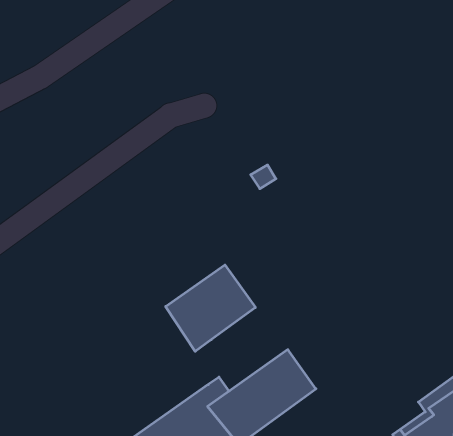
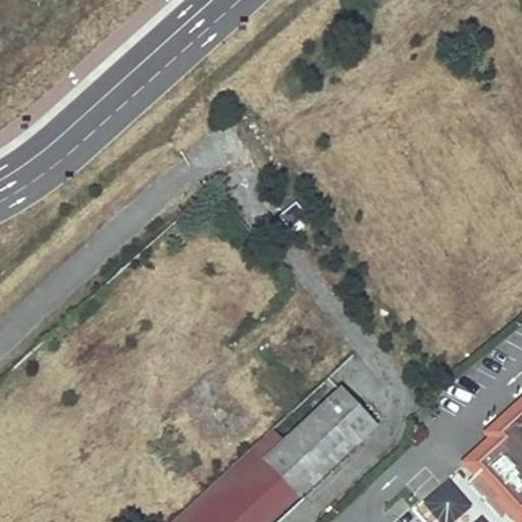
building: [166,265,255,351] -> none

